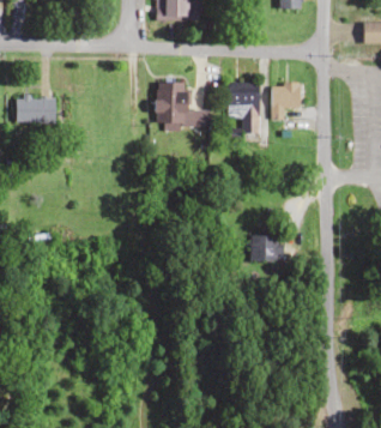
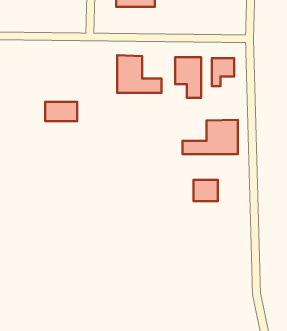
building: [17,98,56,122] -> [45,102,77,121]
building: none -> [182,120,238,154]

